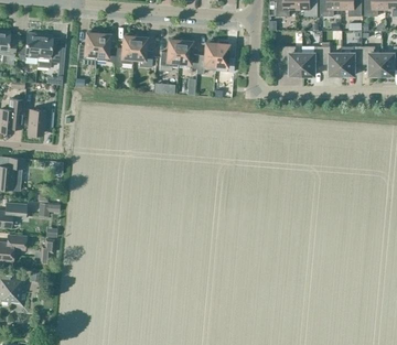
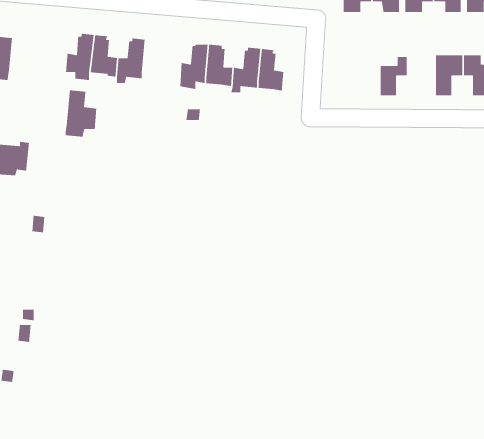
building: [37,33,61,67] -> [65,90,97,137]
building: [133,34,153,66] -> none
building: [323,41,343,75] -> none
building: [283,46,303,75] -> none

